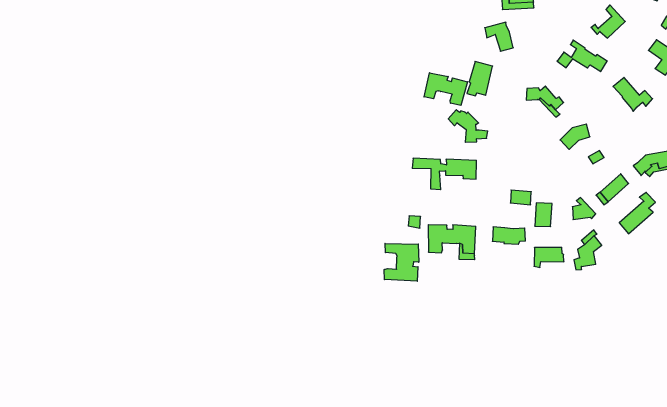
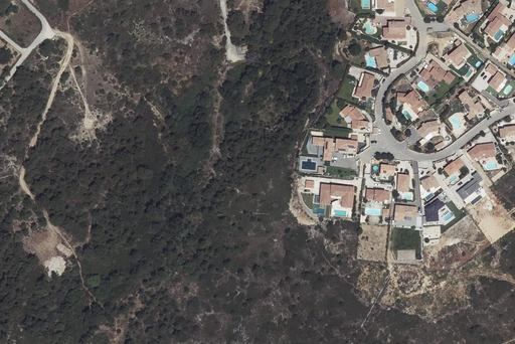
building: [424,73,467,105] -> none
building: [384,243,419,281] -> none

